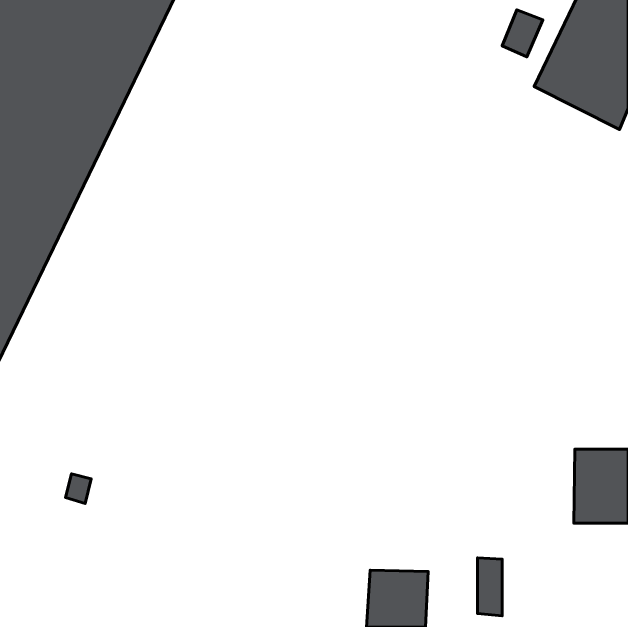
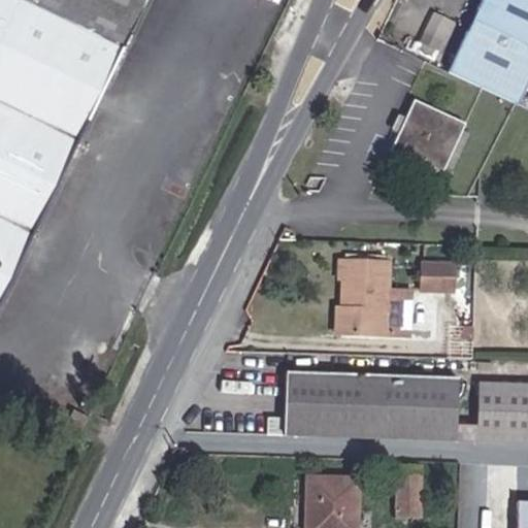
building: none -> [387,98,463,175]
building: none -> [334,258,409,335]
building: none -> [421,260,455,289]
building: none -> [266,372,460,437]

